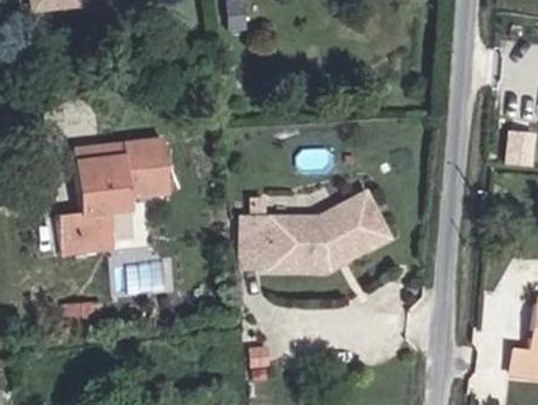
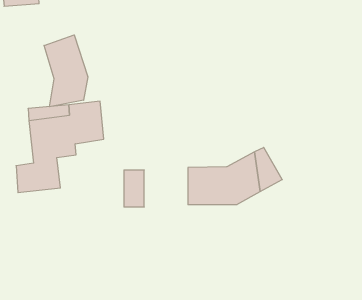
building: none -> [44,35,88,107]
building: [244,222,271,270] -> [124,170,144,207]

